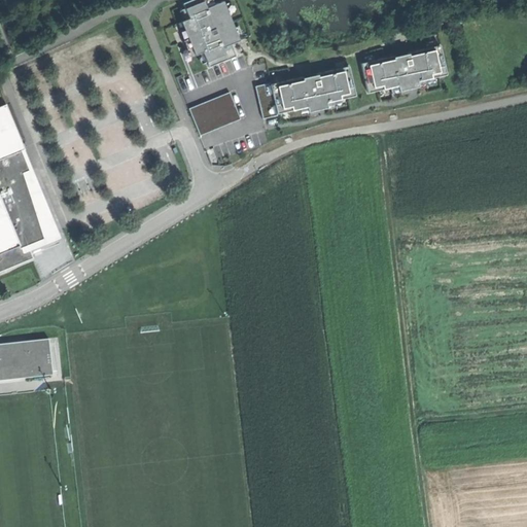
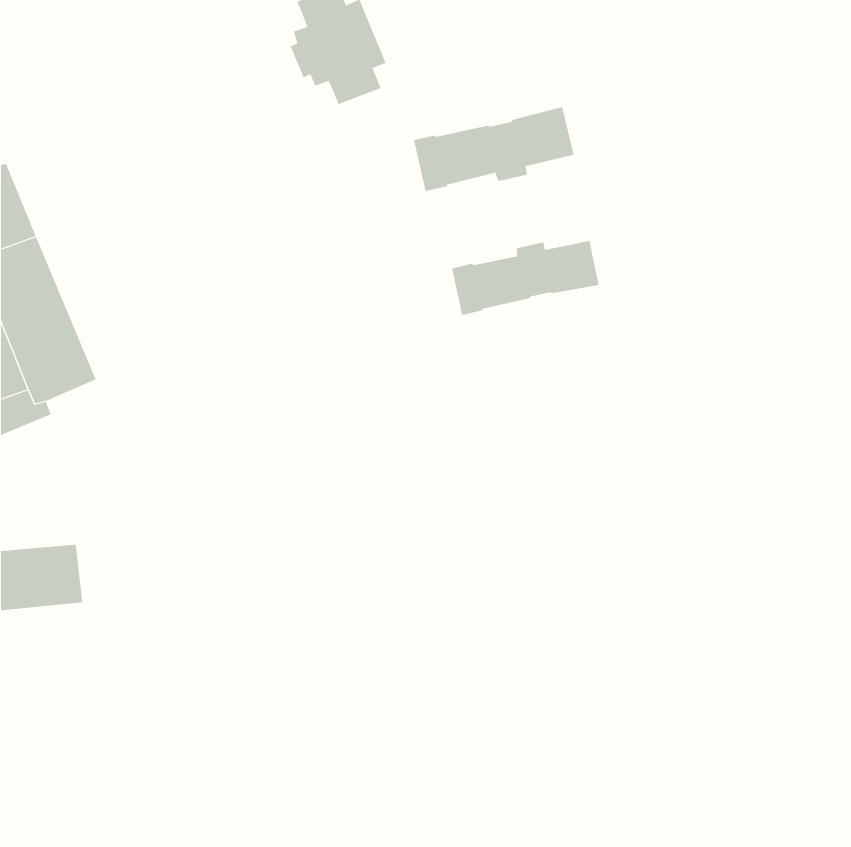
building: [360,45,446,93] -> none
building: [188,93,241,136] -> none
building: none -> [451,240,599,316]

